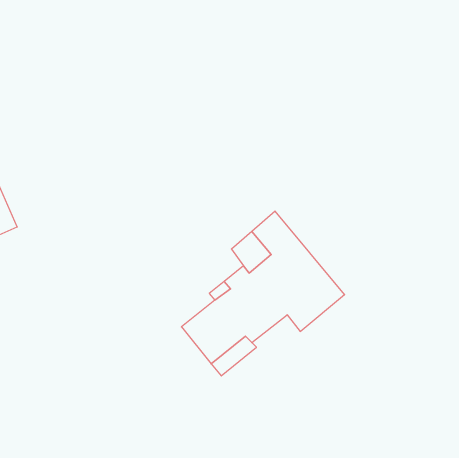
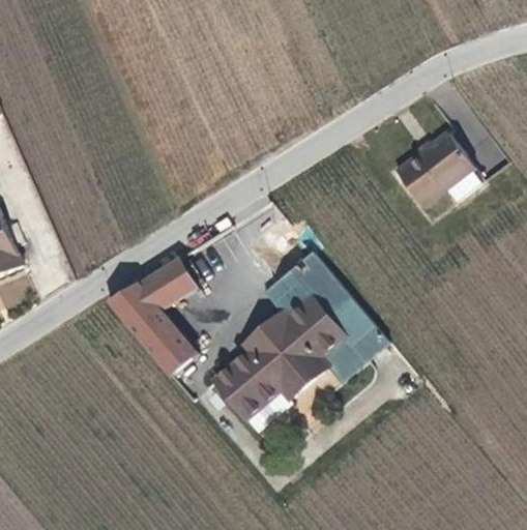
building: none -> [390,129,475,205]
building: none -> [114,261,206,380]

